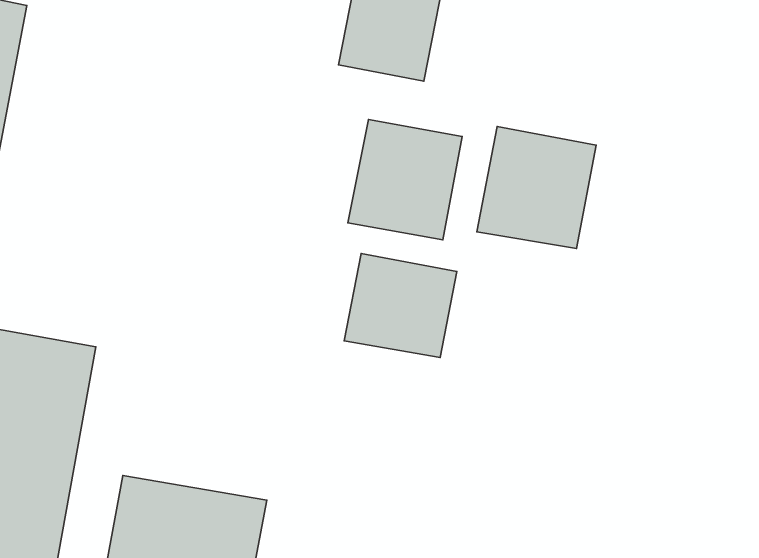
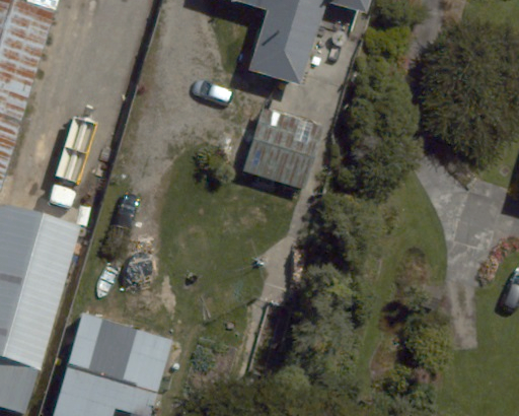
building: [477,127,596,249] -> none
building: [344,254,457,358] -> none

